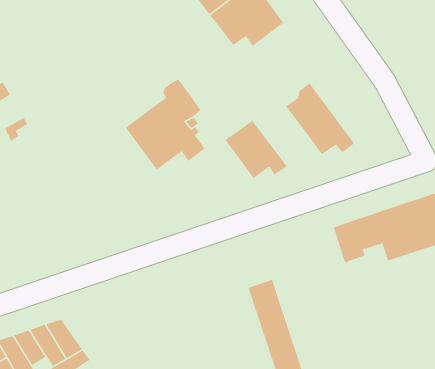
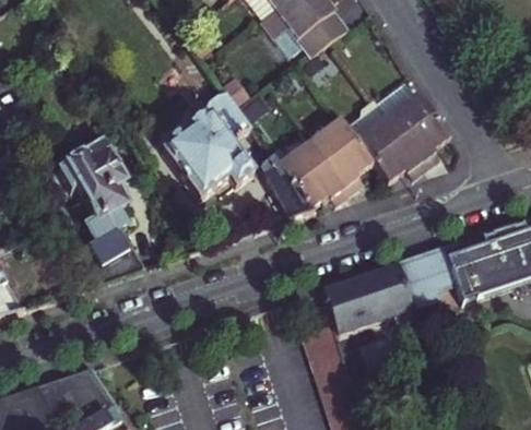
building: none -> [377,80,450,167]
building: none -> [309,117,374,193]
building: none -> [60,142,145,282]
building: none -> [262,158,314,219]
building: none -> [322,262,416,334]

